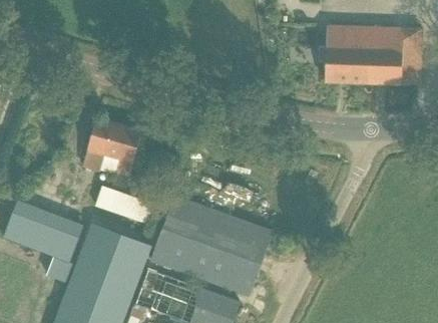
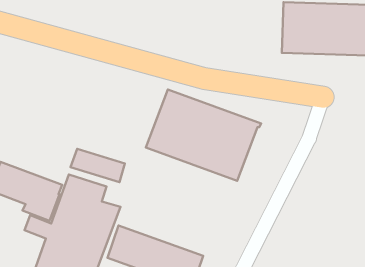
building: [82,118,140,191] -> none
building: [149,197,275,296] -> [146,89,261,181]

